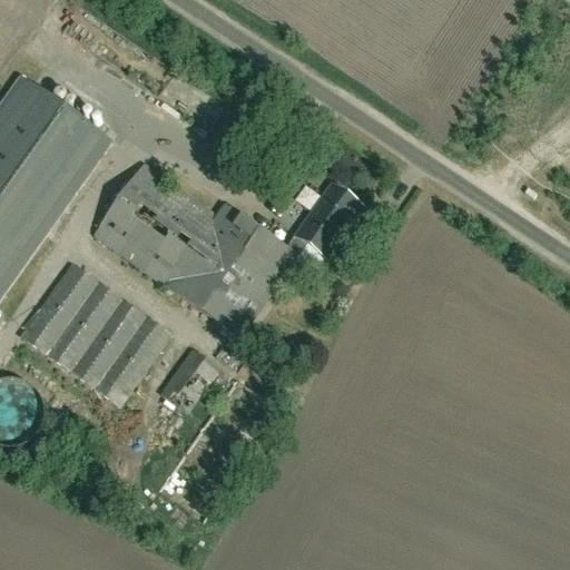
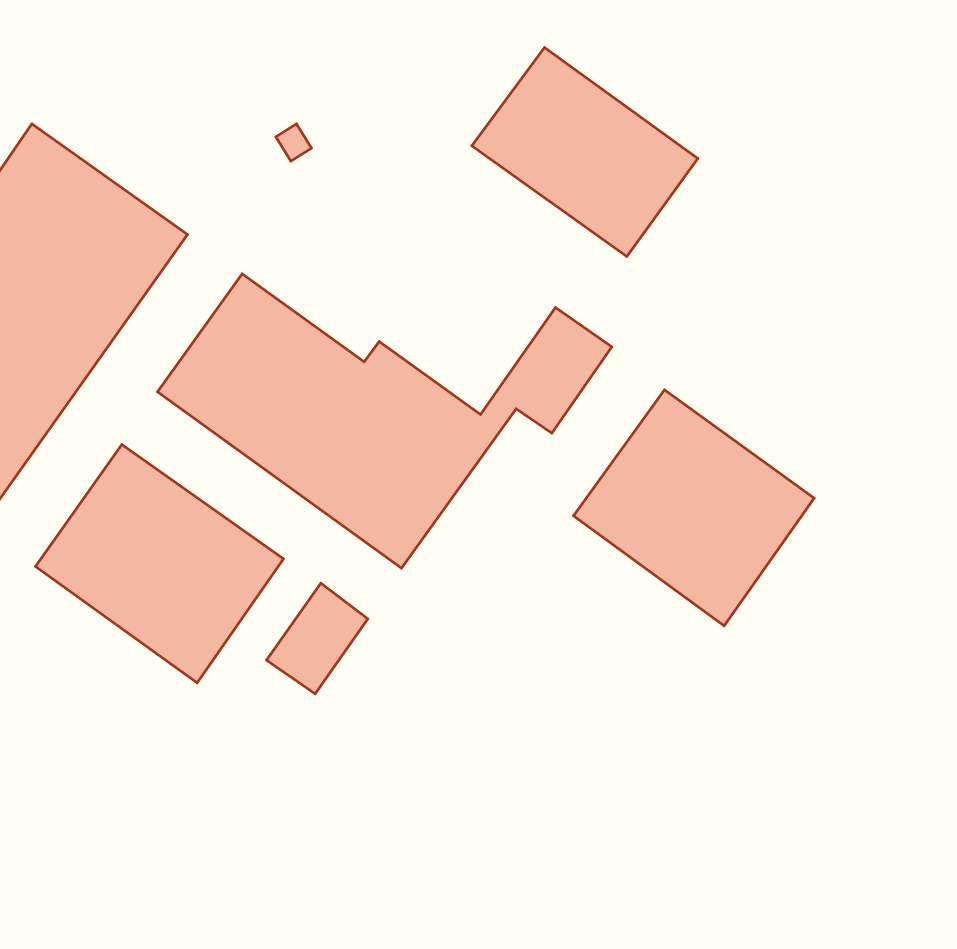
building: none -> [472,48,698,256]
building: none -> [573,390,814,626]

